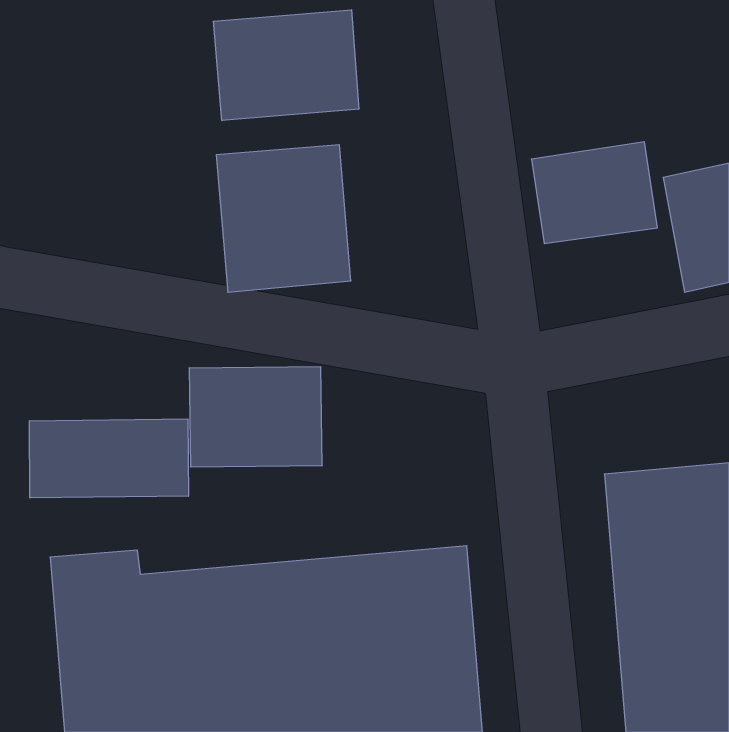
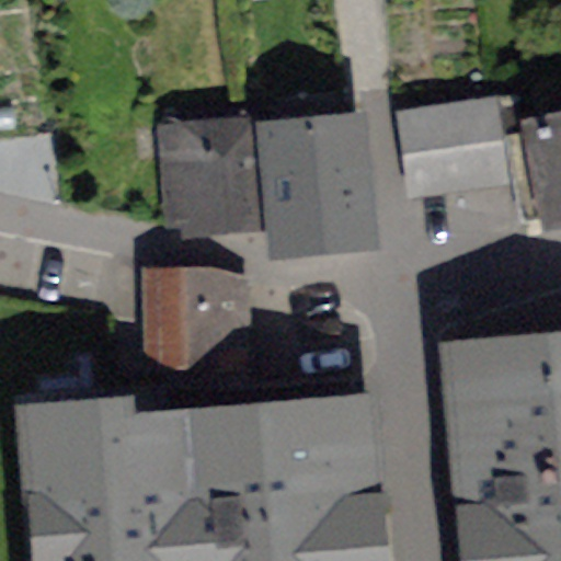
building: [213,10,359,121] -> none
building: none -> [265,100,365,248]
building: [30,419,188,498] -> none

